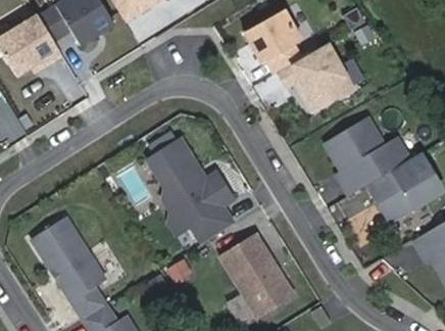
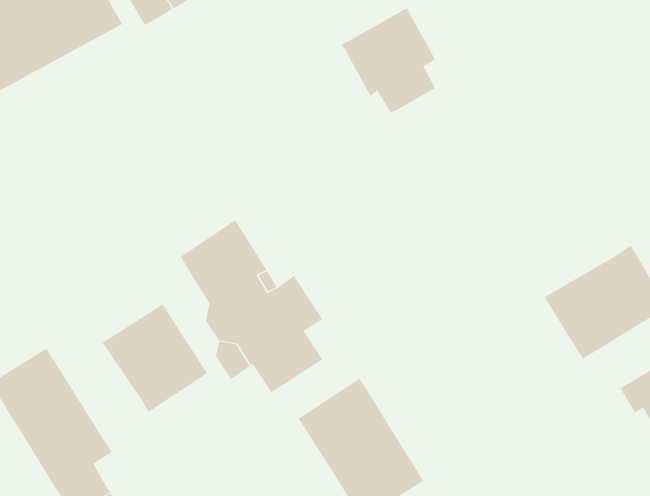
building: [279,44,354,108] -> none
building: [326,117,411,195] -> none
building: none -> [102,304,208,413]

